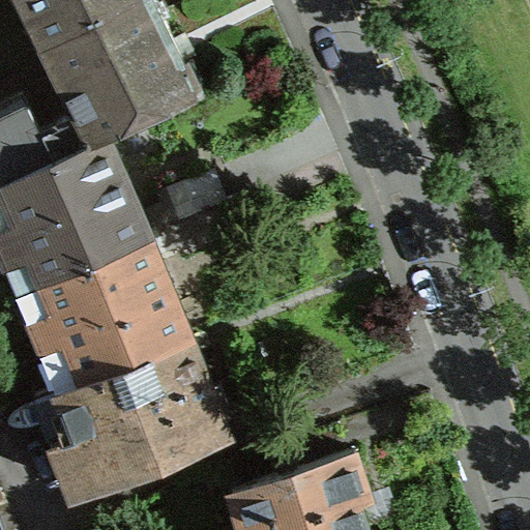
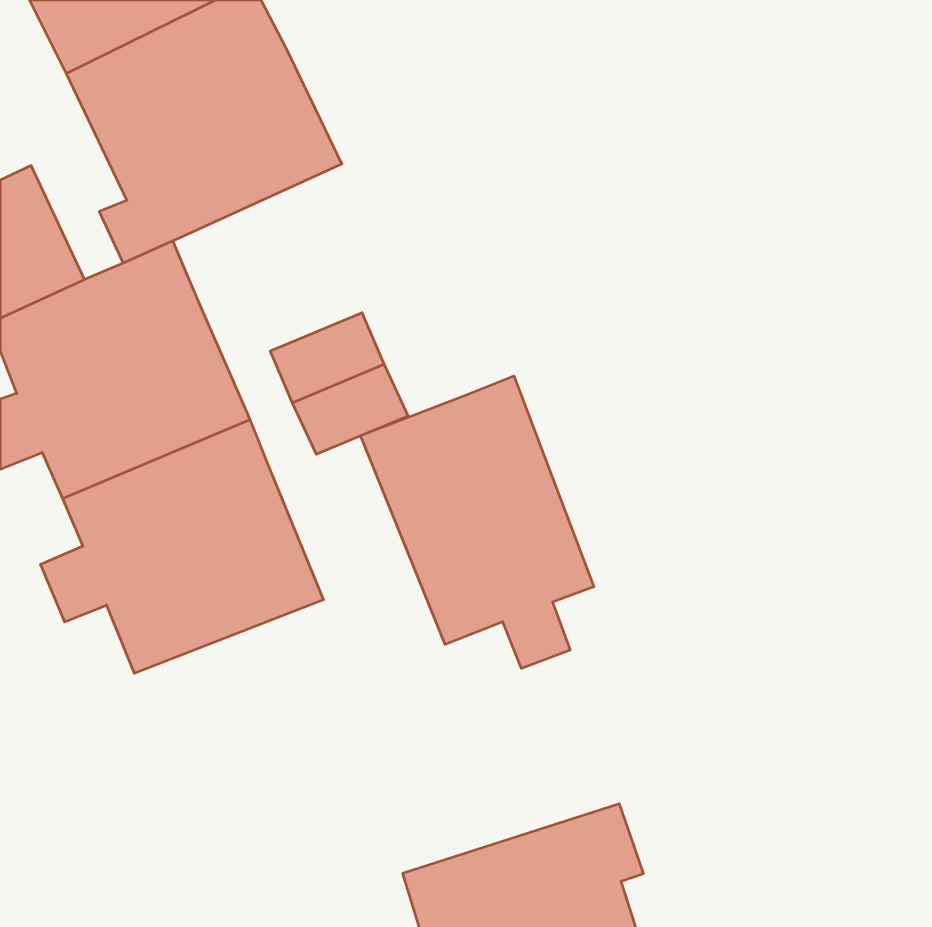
building: none -> [361,376,594,668]
building: [50,345,222,495] -> none

